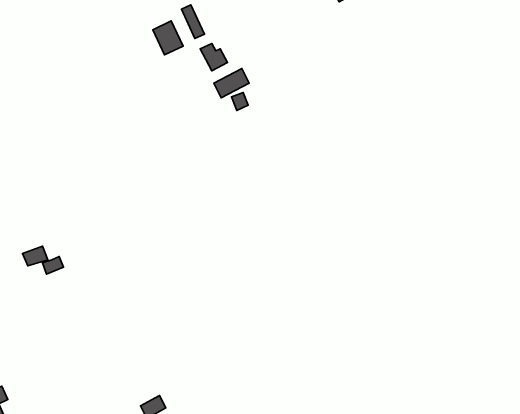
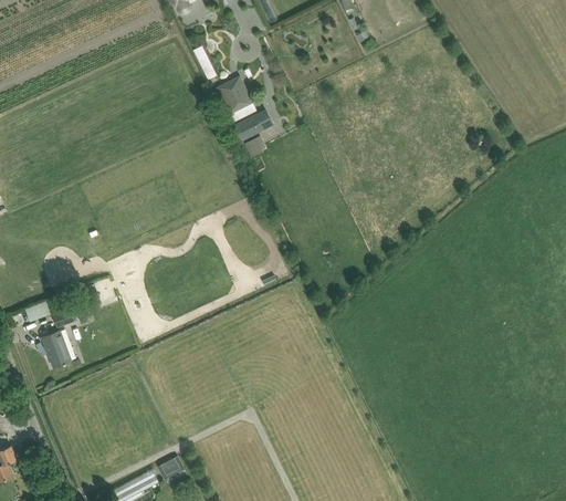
building: [153,21,183,55] -> none
building: none -> [40,331,69,367]

